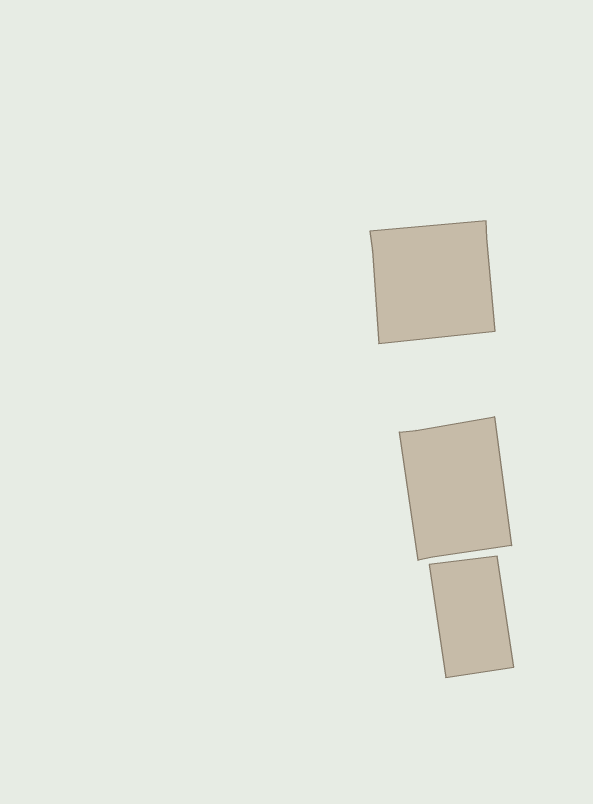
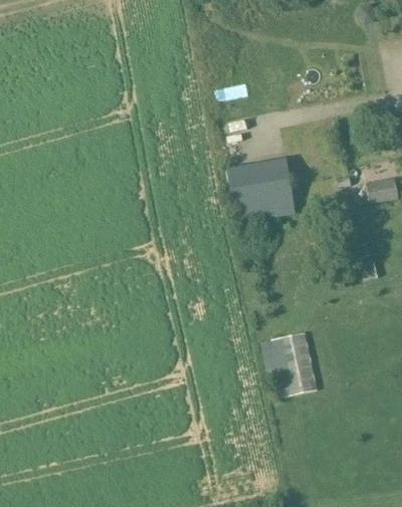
building: [399,417,512,560] -> none

